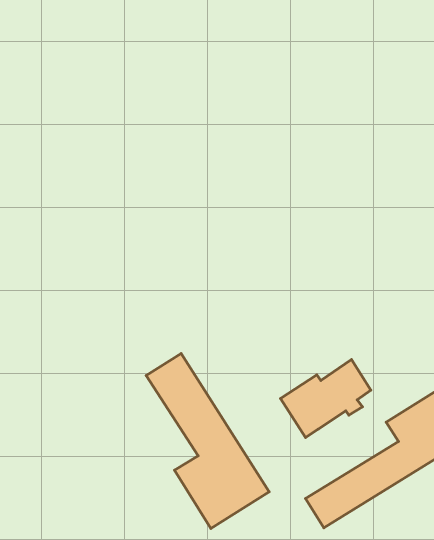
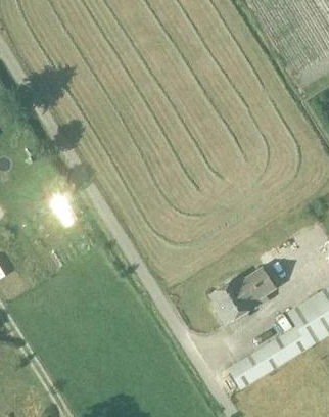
building: [146,354,269,528] -> none

